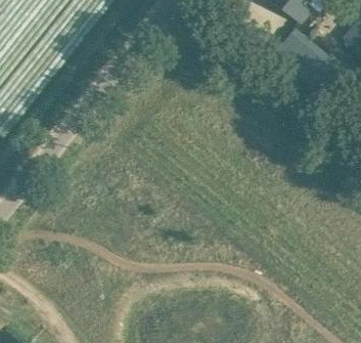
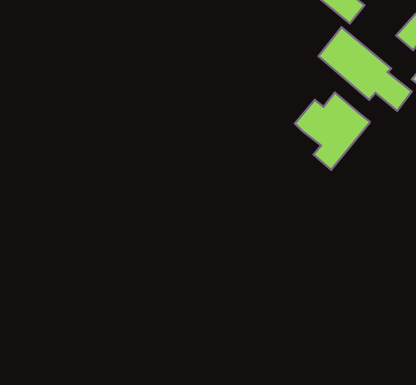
building: none -> [295,92,370,170]

